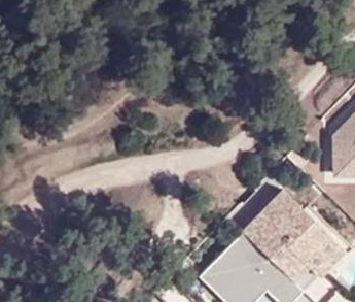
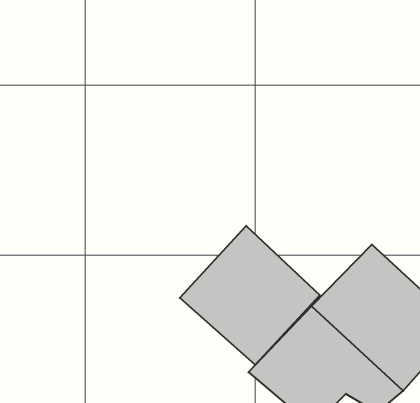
building: none -> [180,226,320,365]

